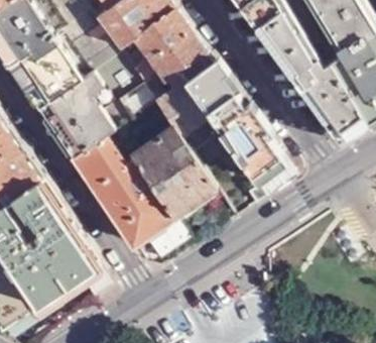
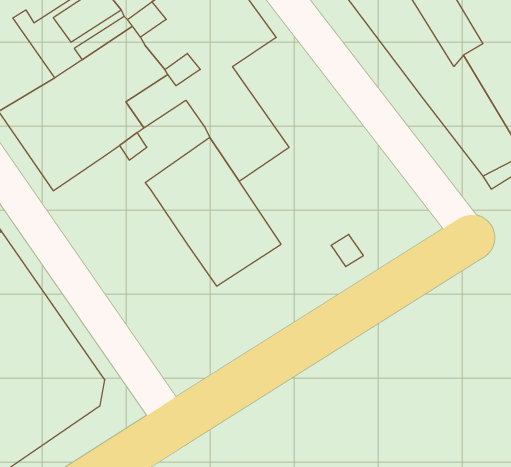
building: [179,52,276,167] -> none
building: [68,127,184,248] -> none

